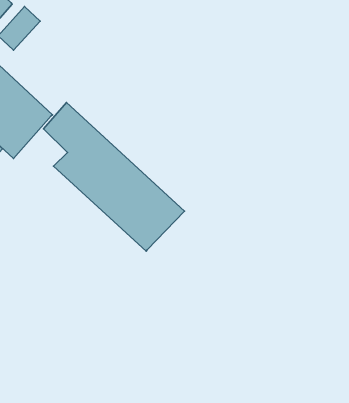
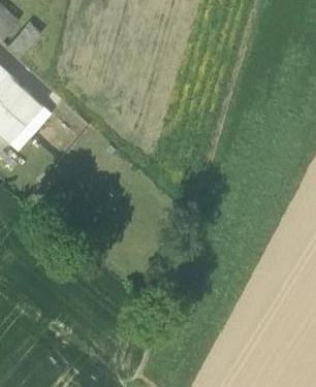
building: [44,103,184,251] -> none

